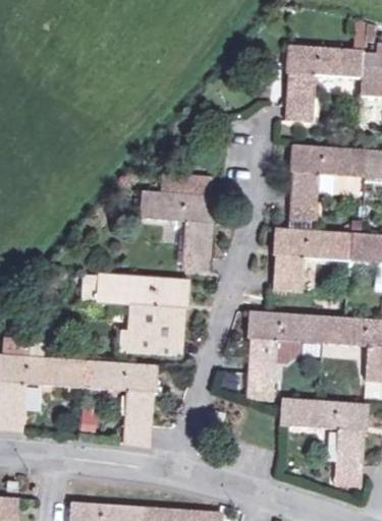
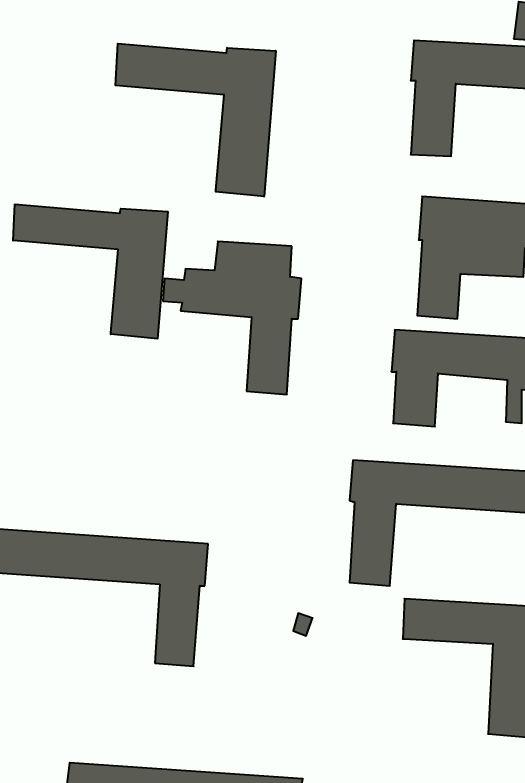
building: none -> [115,44,276,197]
building: none -> [13,204,168,339]
building: [84,274,188,354] -> none

